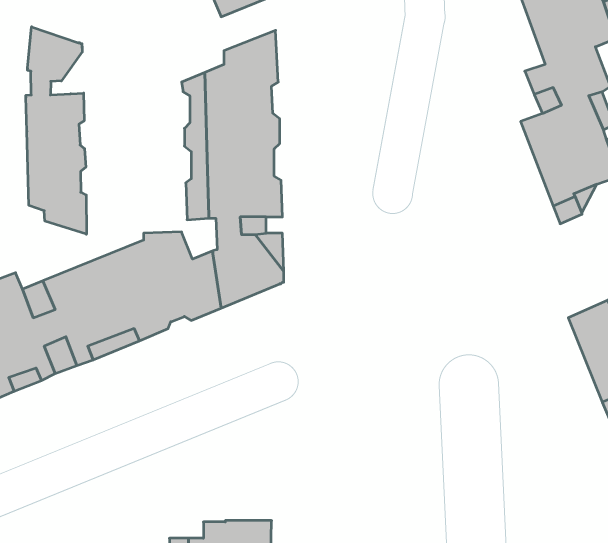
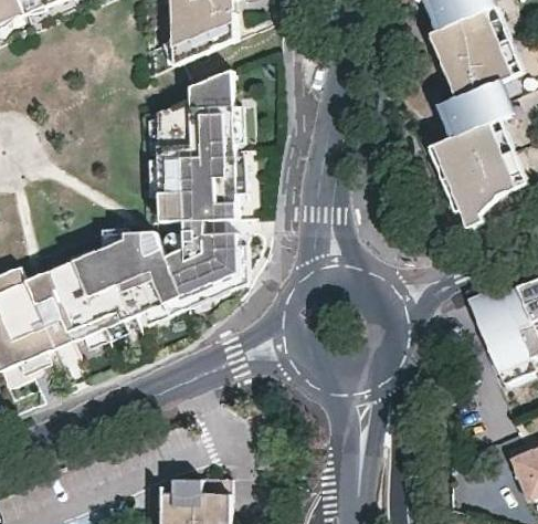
building: [26,27,86,234] -> none

